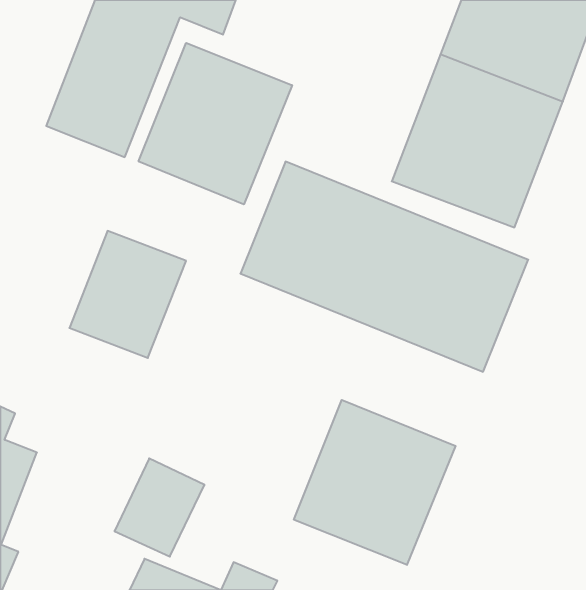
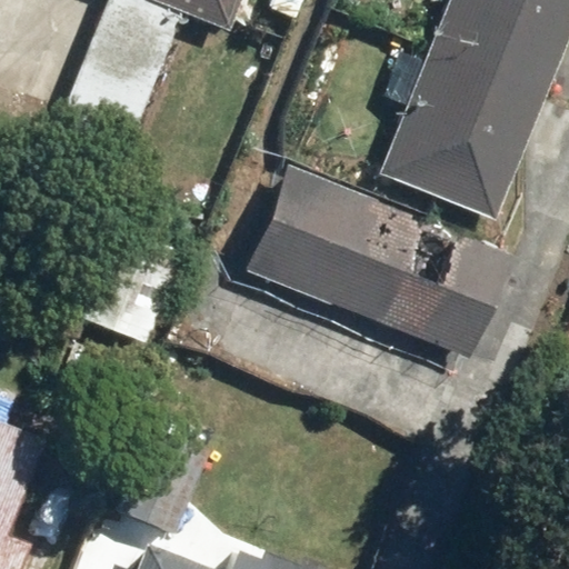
building: [139,43,292,204] -> none
building: [294,400,456,565] -> none

